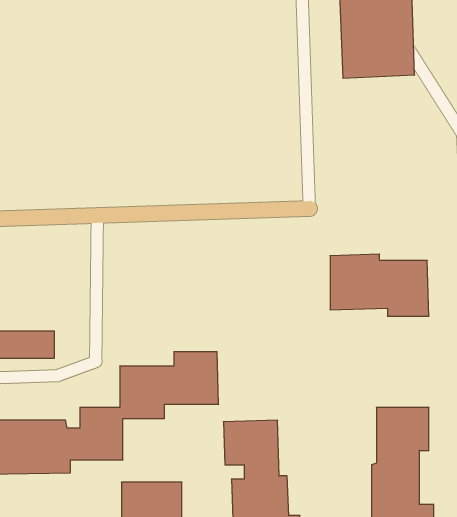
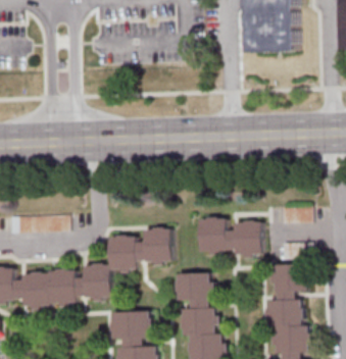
building: [330,254,429,316] -> [198,216,261,256]

